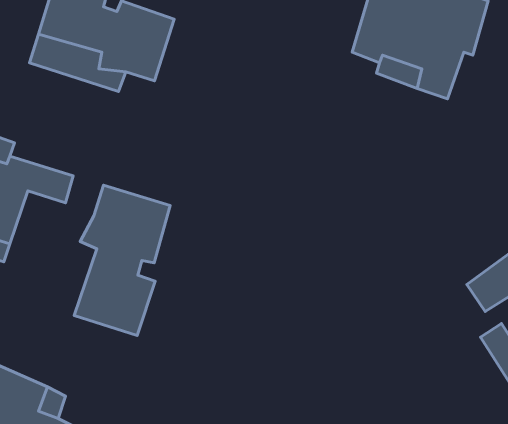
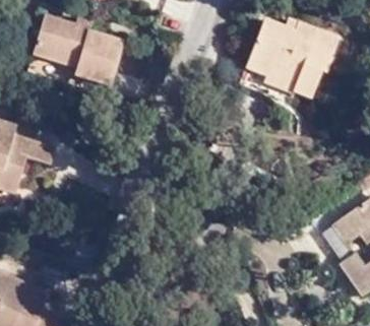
building: [74,185,170,336] -> none

